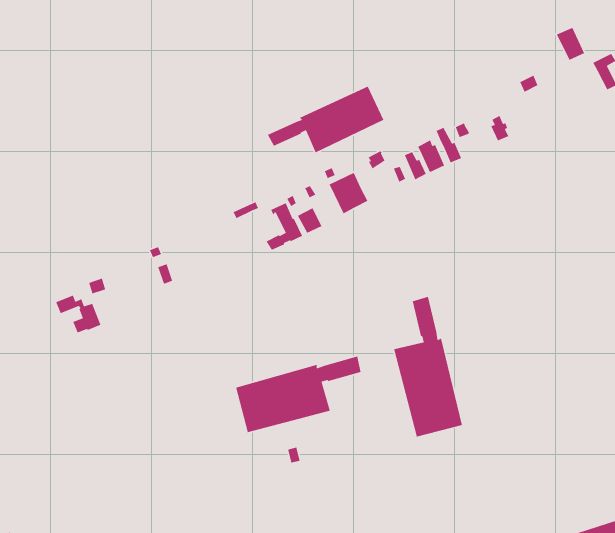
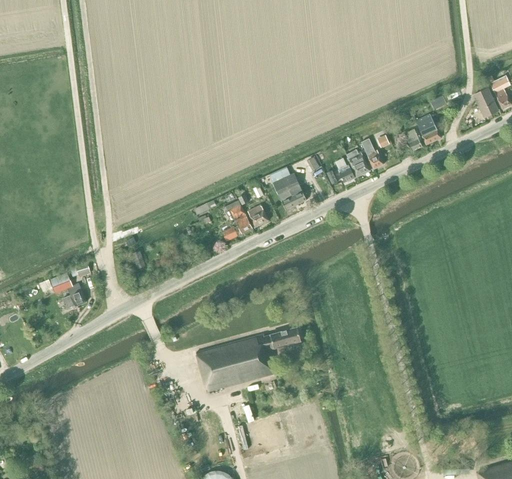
building: [556,27,585,61] -> [473,89,497,117]
building: [267,86,385,154] -> none
building: none -> [415,115,440,145]
building: [393,296,463,438] -> none

